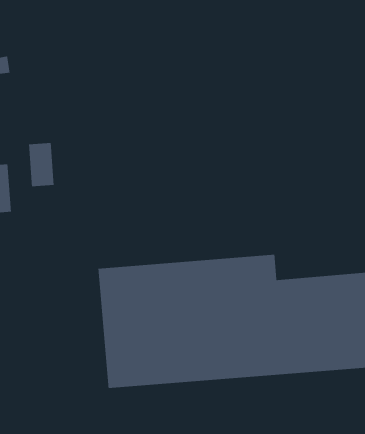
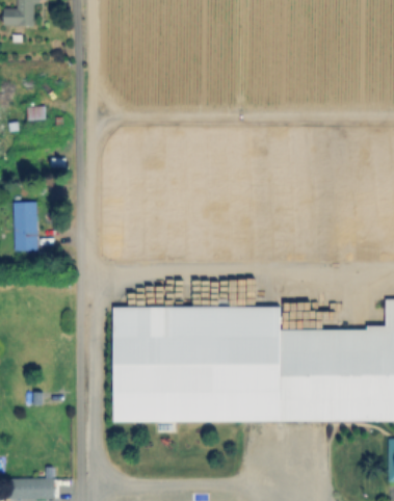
building: [28,142,55,187] -> none

